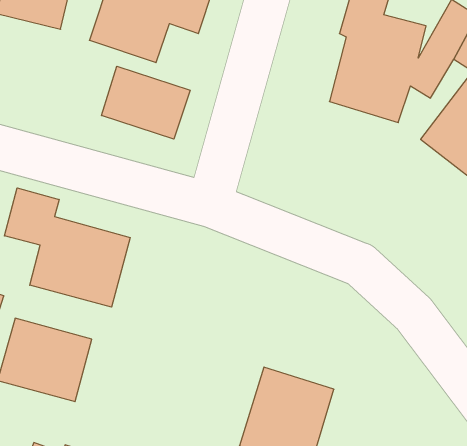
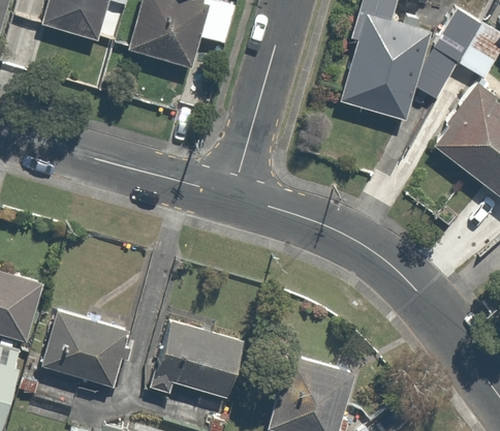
building: [102,66,190,139] -> none
building: [4,188,130,307] -> none
building: none -> [152,319,243,394]

